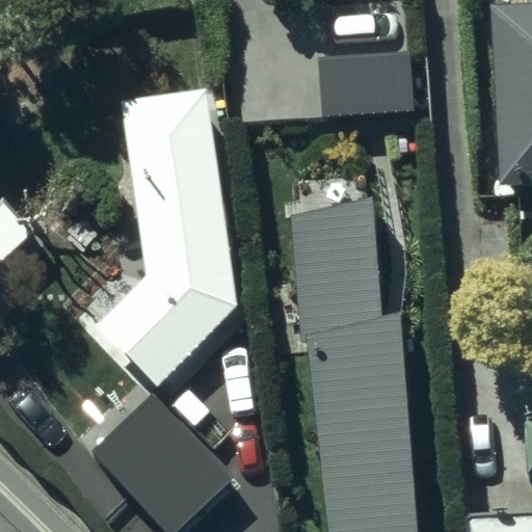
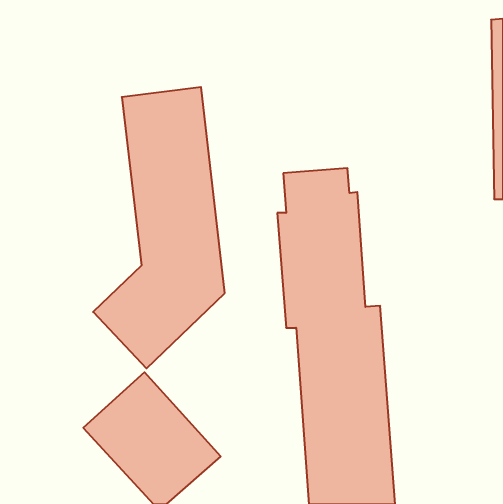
building: [318,51,413,119] -> none

